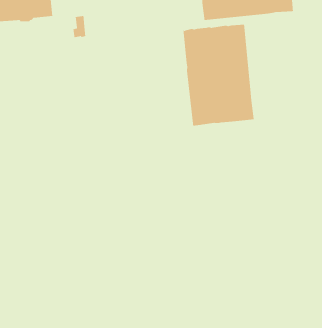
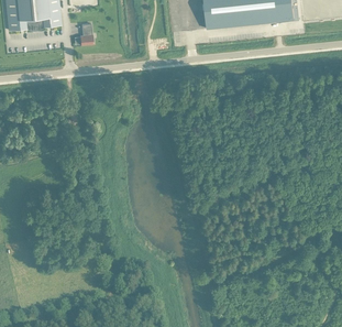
building: [183,24,255,126] -> none

